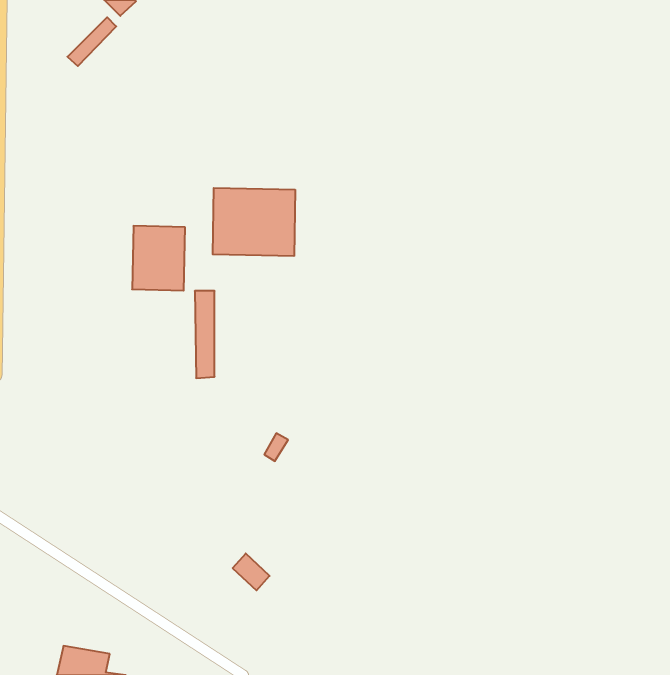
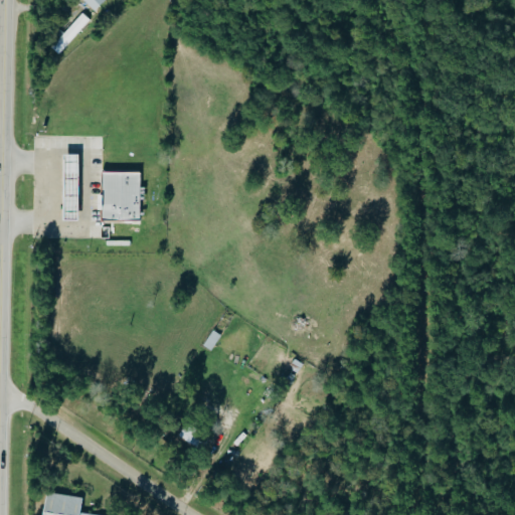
building: [213,188,295,256] -> none
building: [195,291,215,378] -> [64,155,79,221]

